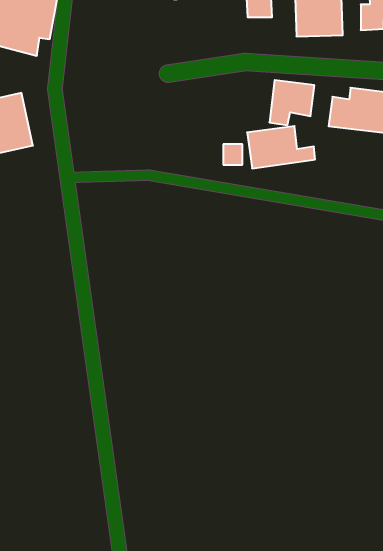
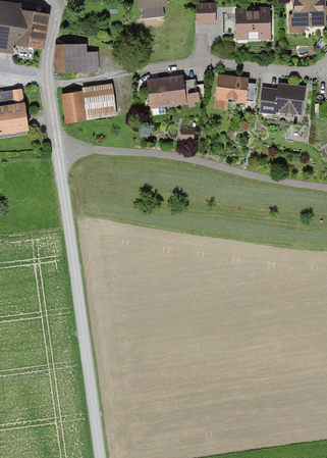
building: none -> [55,40,101,69]
building: none -> [60,84,118,123]
building: [247,126,315,168] -> [148,75,202,109]

